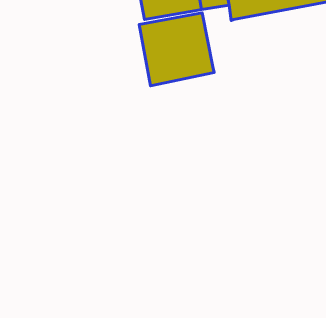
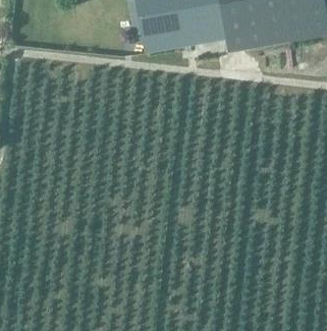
building: [139,13,214,86] -> none

